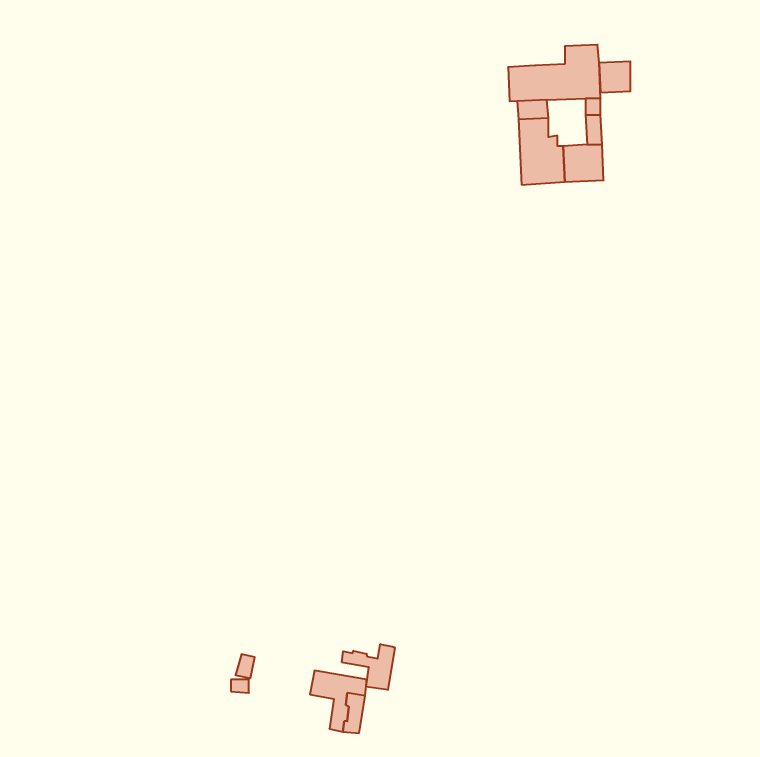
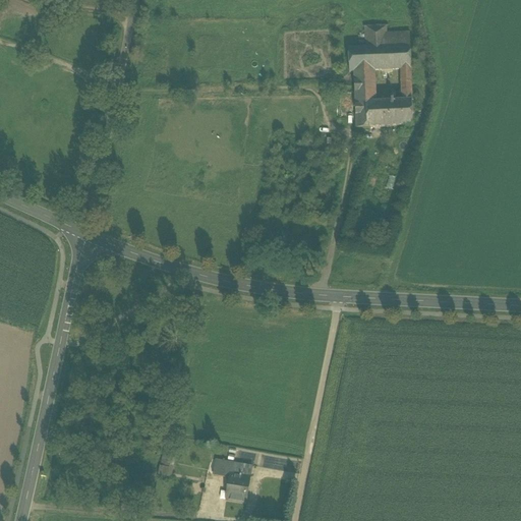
building: [599,61,630,93] -> [364,23,386,45]
building: [342,644,395,690] -> none

